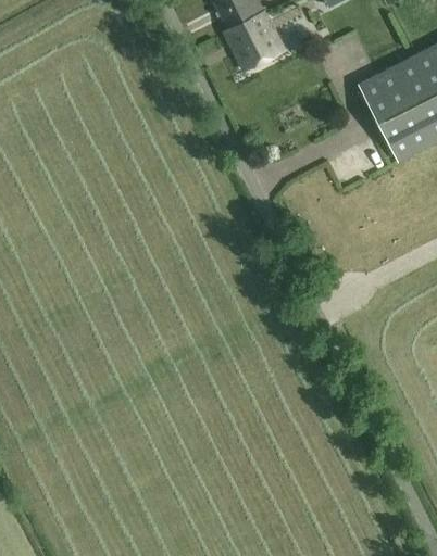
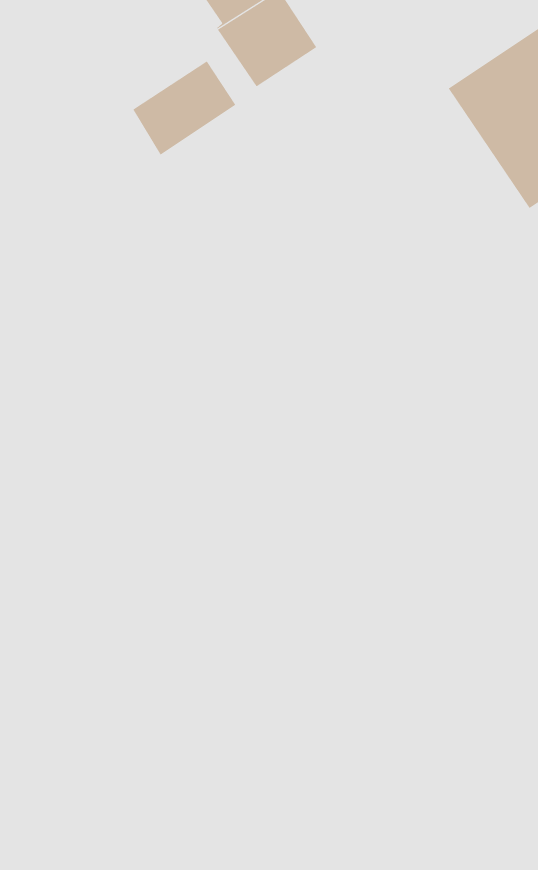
building: none -> [132,60,236,155]

